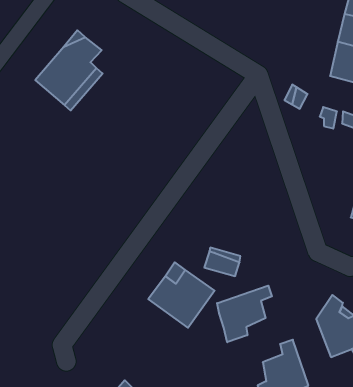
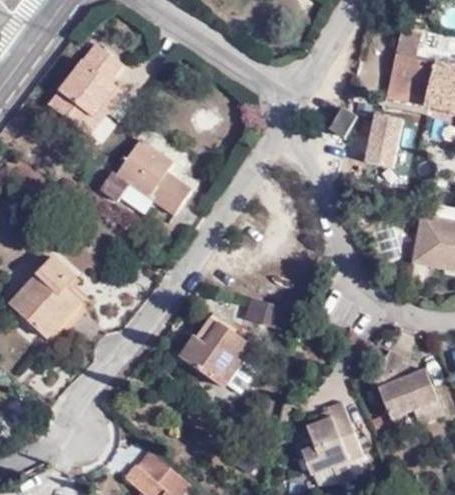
building: none -> [98,140,189,215]
building: none -> [12,262,85,345]
building: [217,286,272,342] -> none

